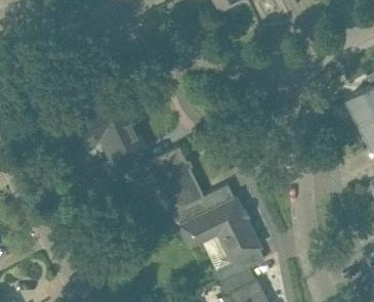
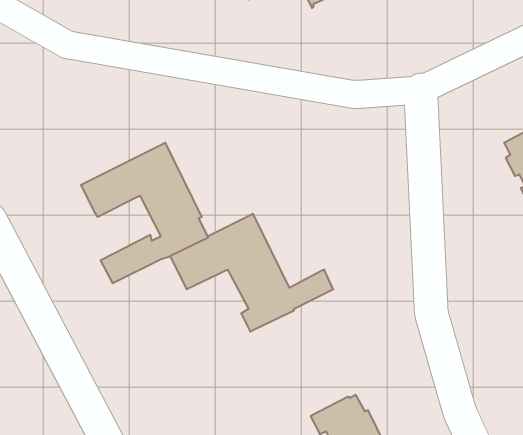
building: [180,197,263,284] -> none

